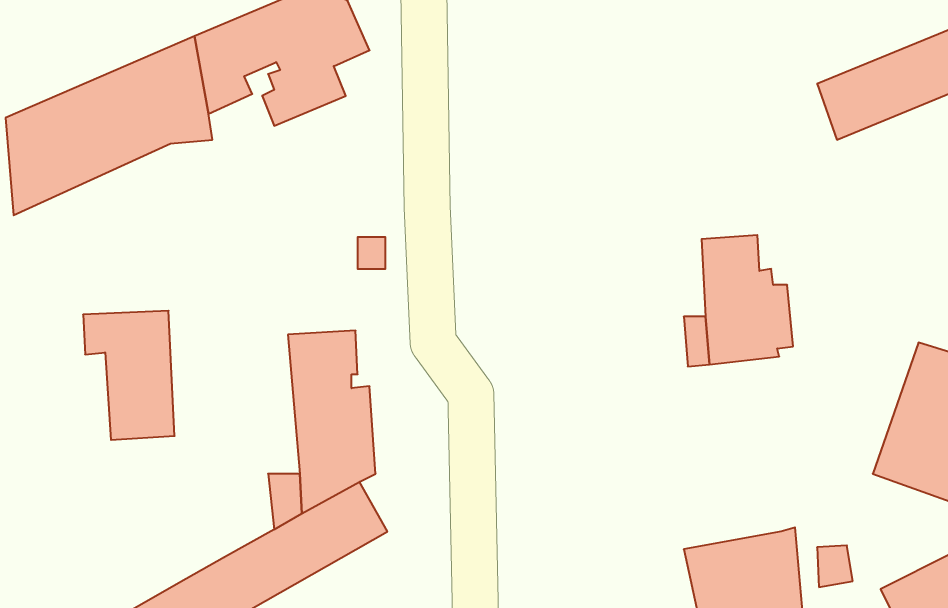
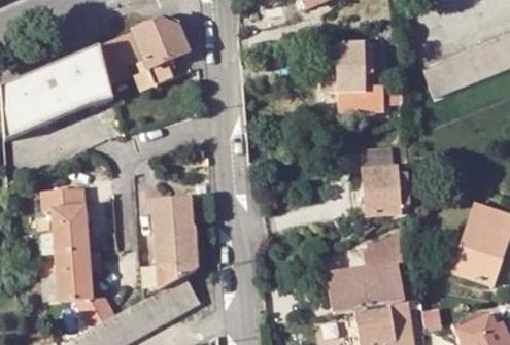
building: none -> [338,44,382,111]
building: none -> [329,236,405,313]
building: none -> [58,251,116,327]

